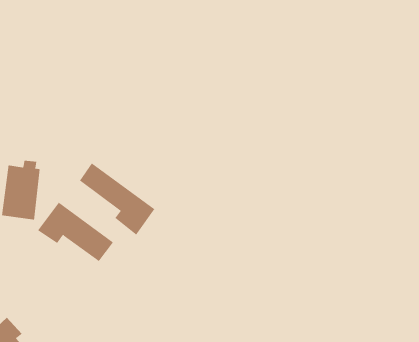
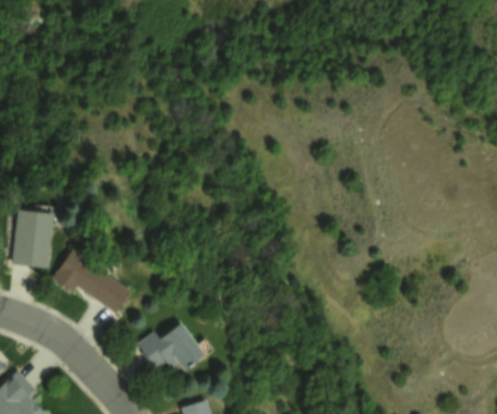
building: [79,162,155,236] -> none
building: none -> [137,324,204,371]

